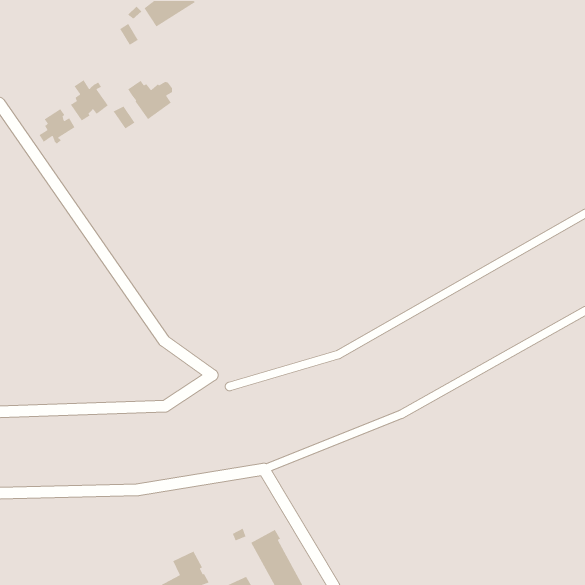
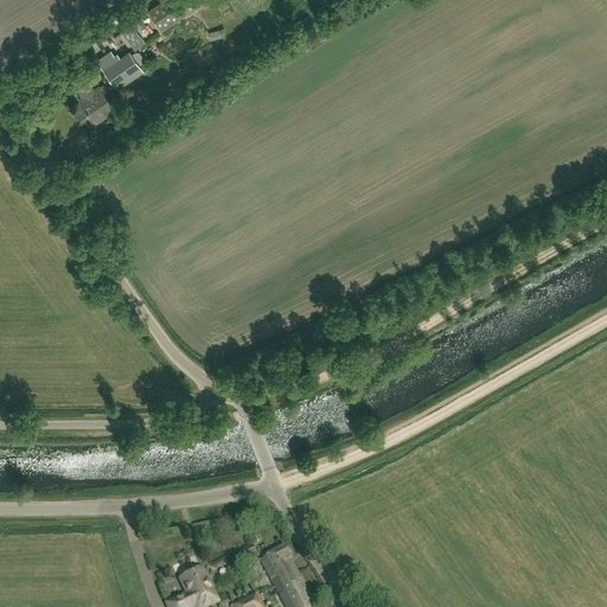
building: [127,80,173,120] -> [95,50,142,91]
building: [38,108,76,144] -> none

